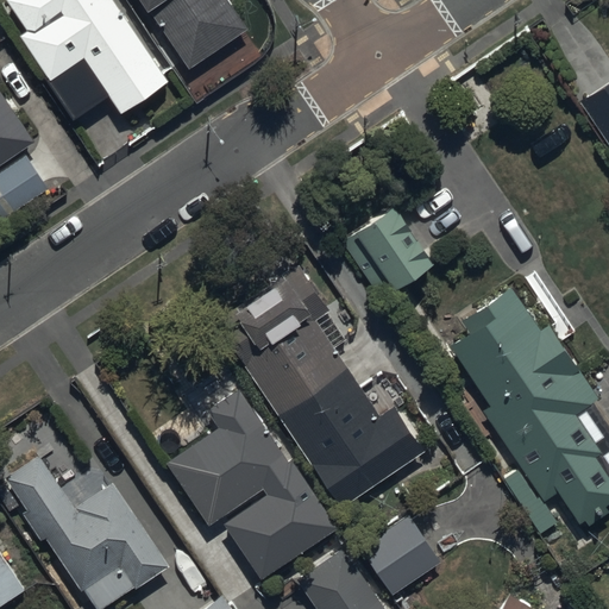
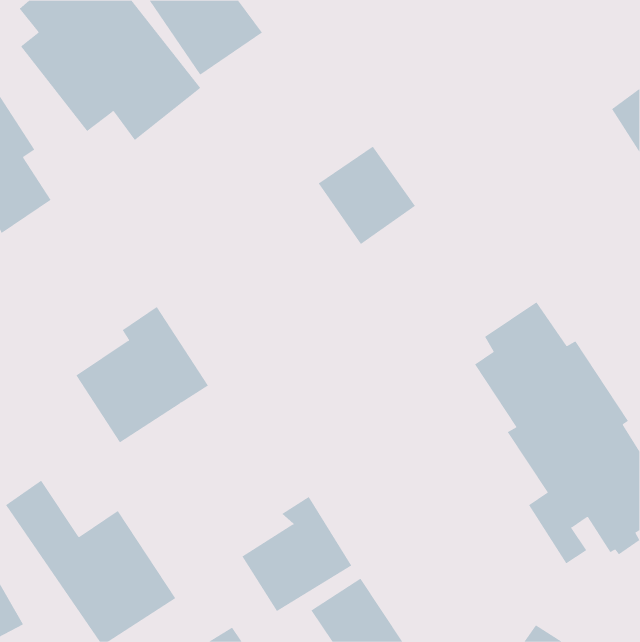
building: [341,206,434,300] -> [318,146,416,245]
building: [213,251,426,509] -> none
building: [167,395,293,525] -> [75,306,209,443]
building: [358,514,438,595] -> none

